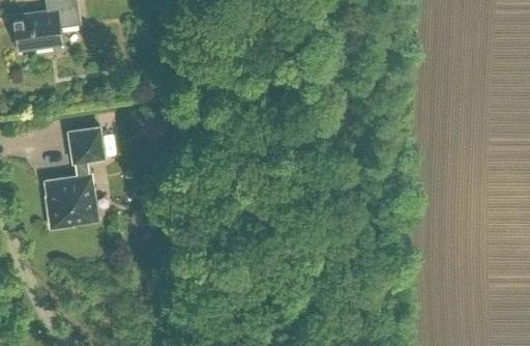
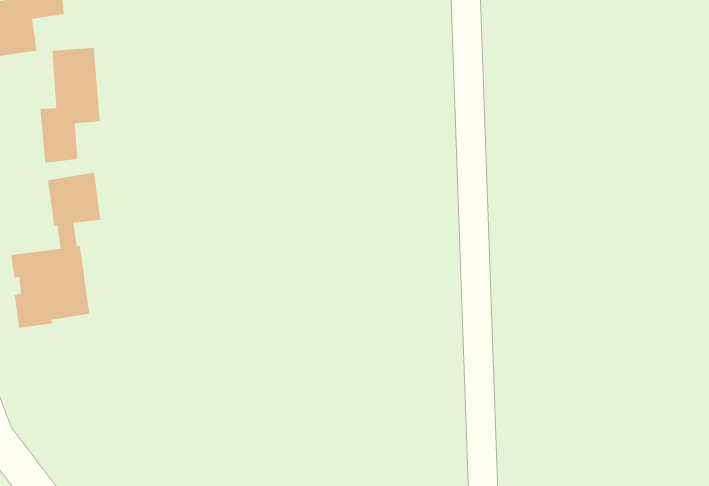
building: none -> [40,47,100,164]

